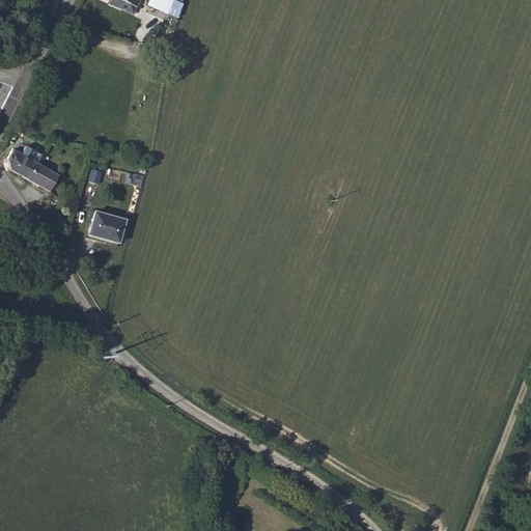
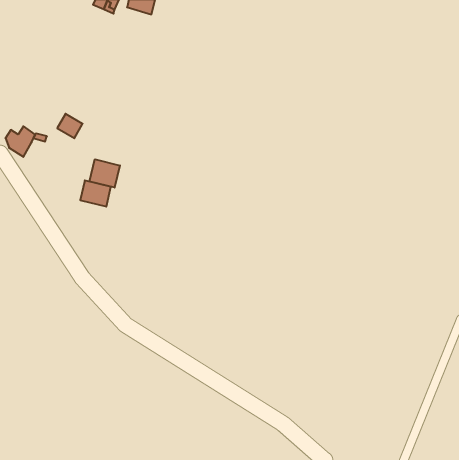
building: [29,164,58,192] -> [57,114,83,138]
building: none -> [90,159,120,188]

